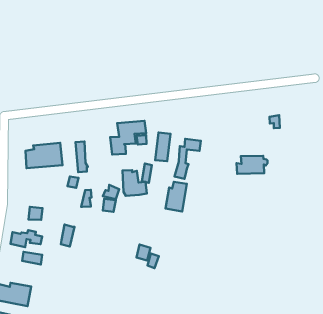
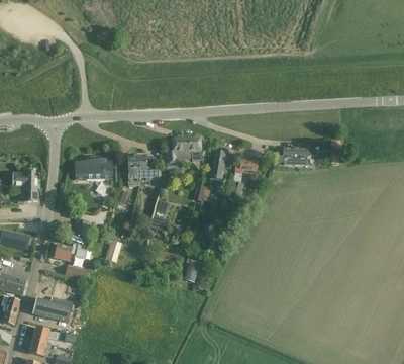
building: [236,156,268,174] -> [278,146,310,165]
building: [122,170,147,196] -> [136,155,161,181]
building: [166,182,187,212] -> none

